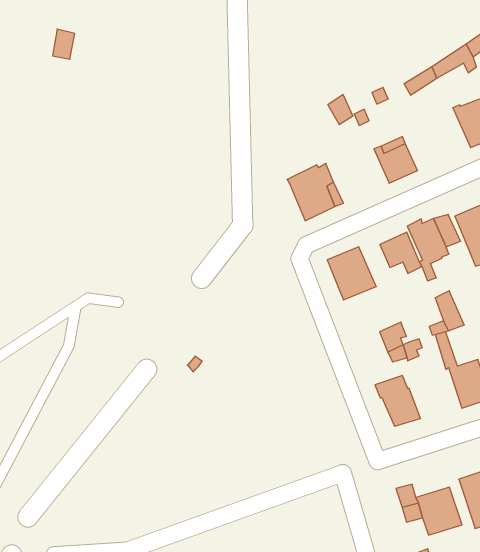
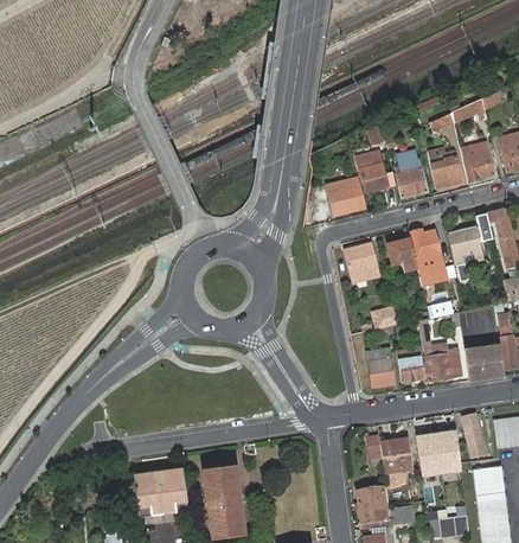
building: none -> [430,152,460,189]
building: none -> [355,149,389,196]
building: none -> [399,352,424,383]

